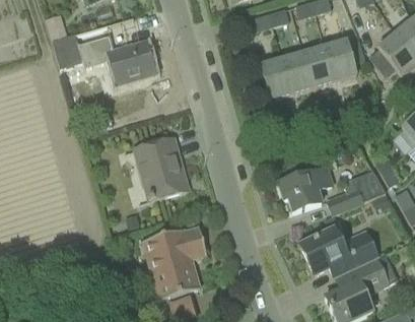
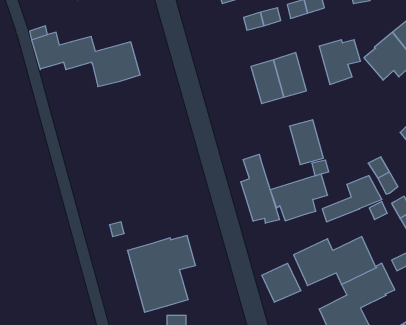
building: [302,45,335,87] -> [289,120,323,165]
building: [135,137,188,199] -> none
building: none -> [241,154,280,223]
building: none -> [262,263,301,302]

